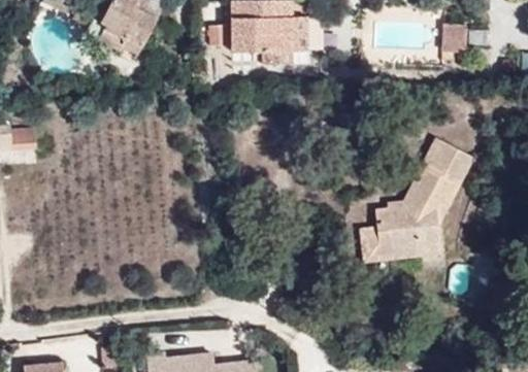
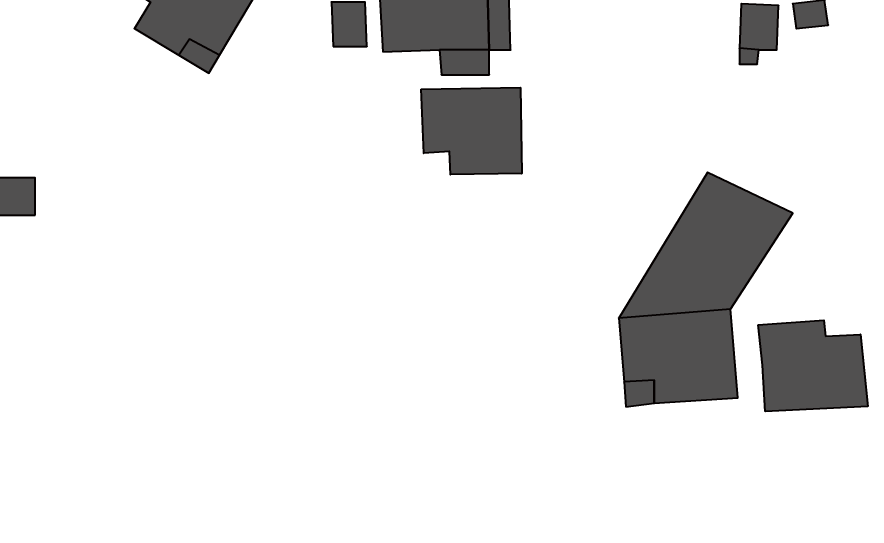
building: none -> [421,88,522,175]
building: none -> [758,320,868,411]

